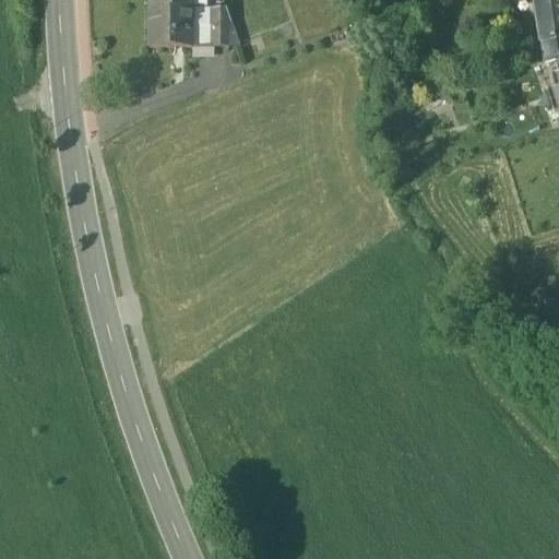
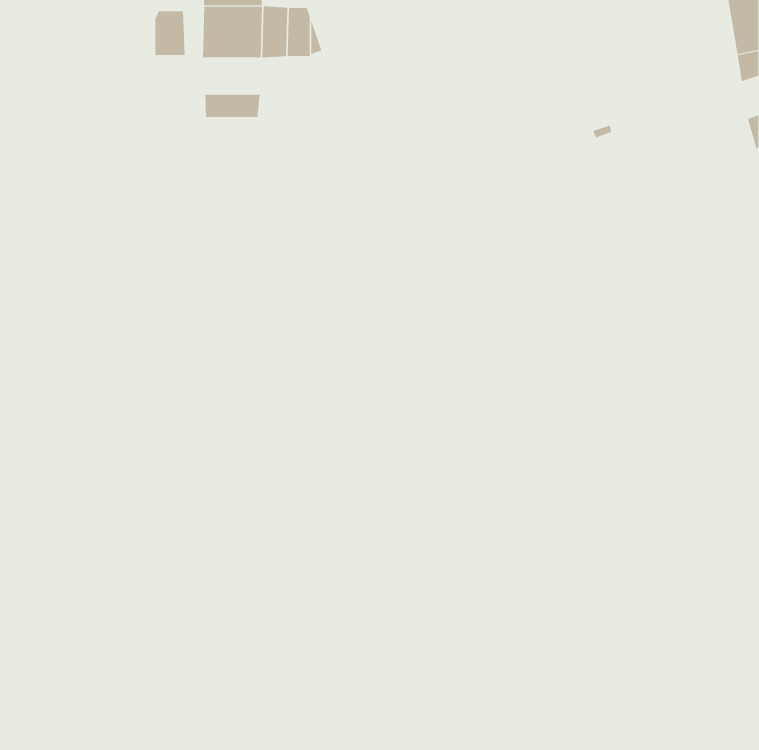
building: none -> [155,10,185,56]
building: none -> [205,94,260,118]

